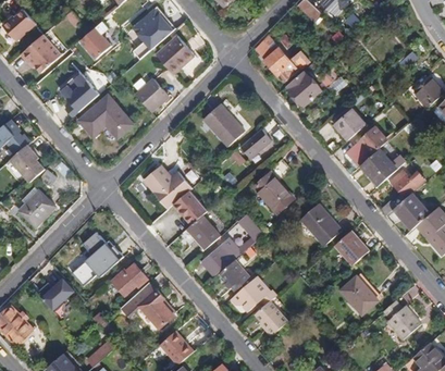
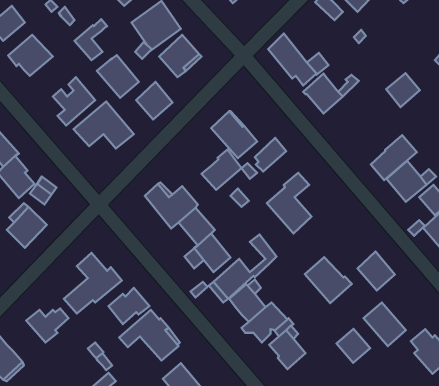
building: none -> [97,55,139,98]
building: [334,110,364,140] -> [386,73,420,107]
building: none -> [202,149,241,190]
building: [300,203,343,245] -> [305,257,352,303]
building: none -> [336,329,370,363]

